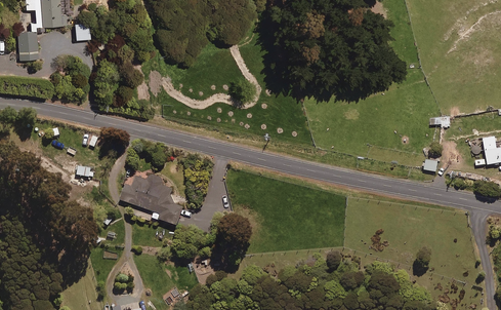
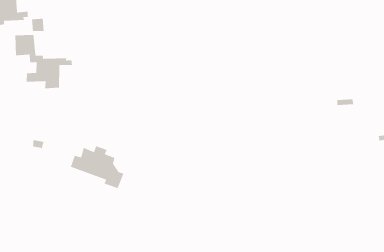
building: none -> [14,34,73,89]

